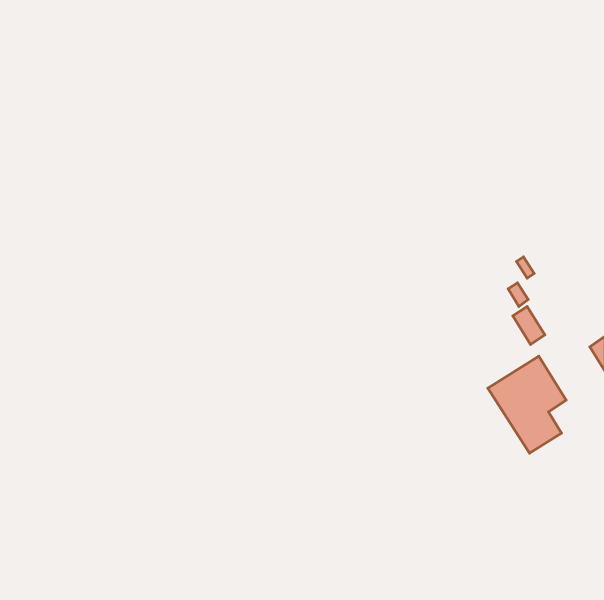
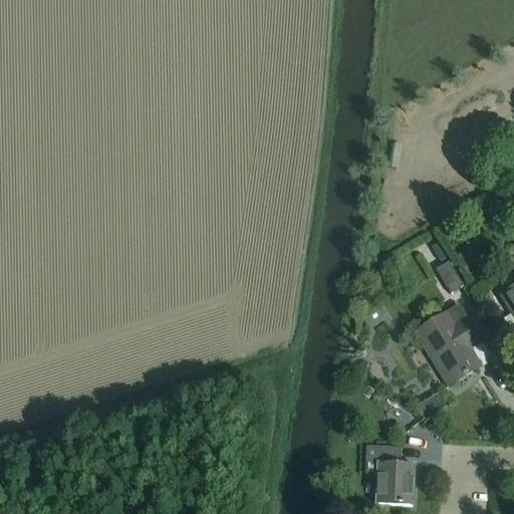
building: none -> [365,444,415,504]

